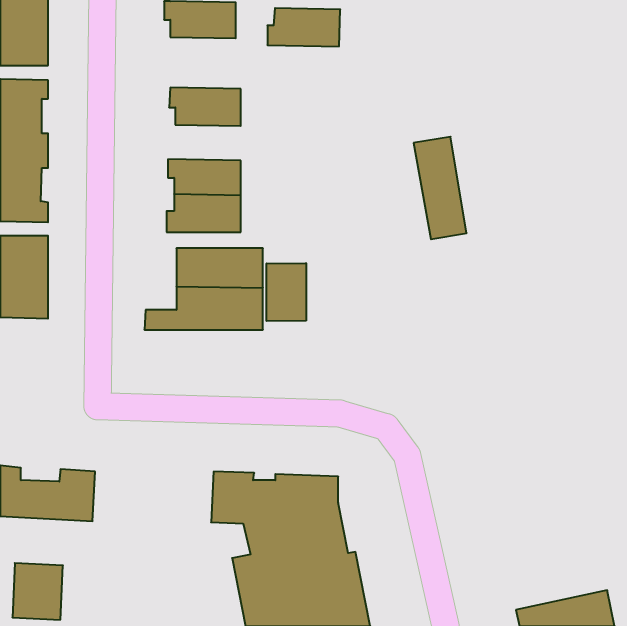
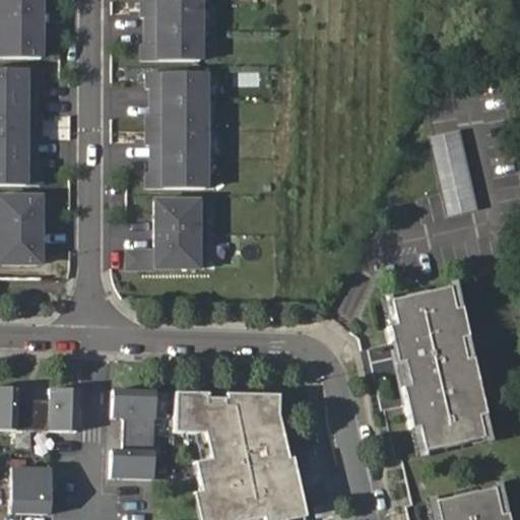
building: [267,8,340,46] -> [137,30,197,62]
building: none -> [141,103,201,132]
building: [414,137,467,239] -> [433,136,476,220]
building: [267,263,306,321] -> none
building: none -> [385,284,492,452]
building: none -> [115,388,158,476]

